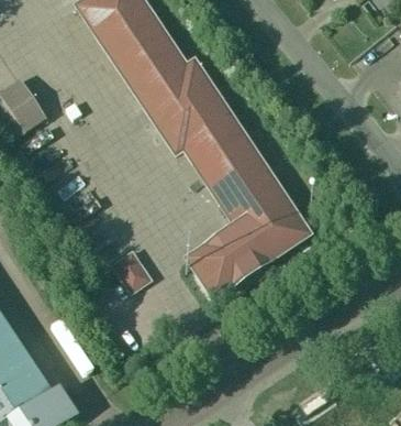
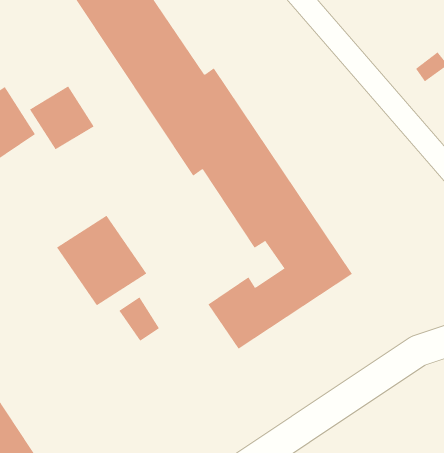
building: none -> [29,86,94,150]
building: none -> [56,215,147,306]

